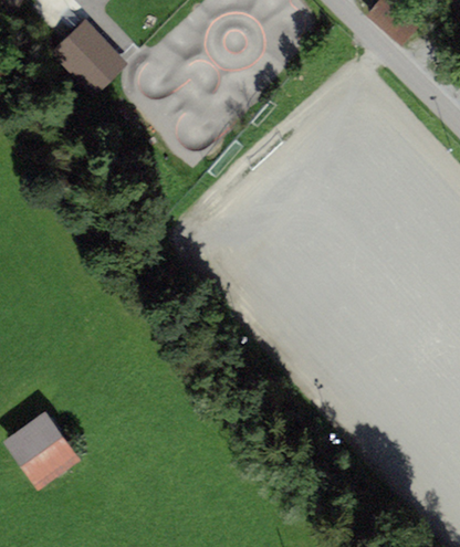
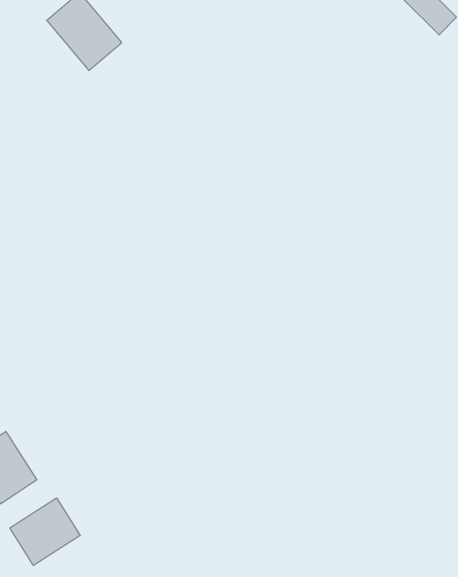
building: none -> [10,498,80,565]

